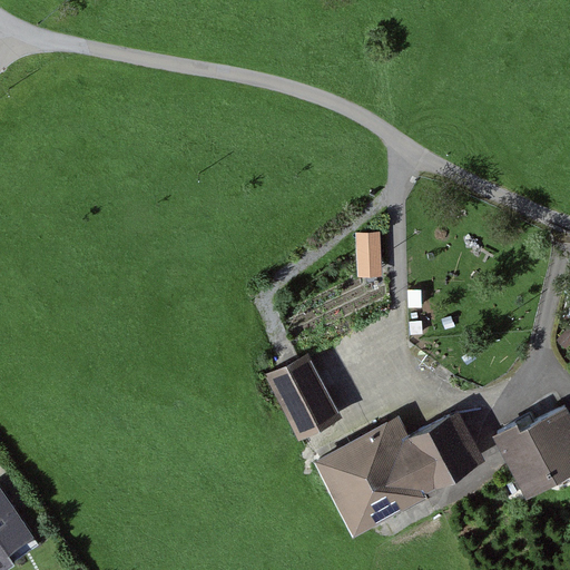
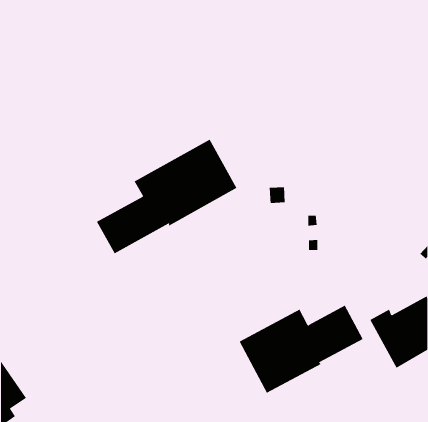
building: none -> [96,139,237,254]
building: [265,356,343,441] -> none

